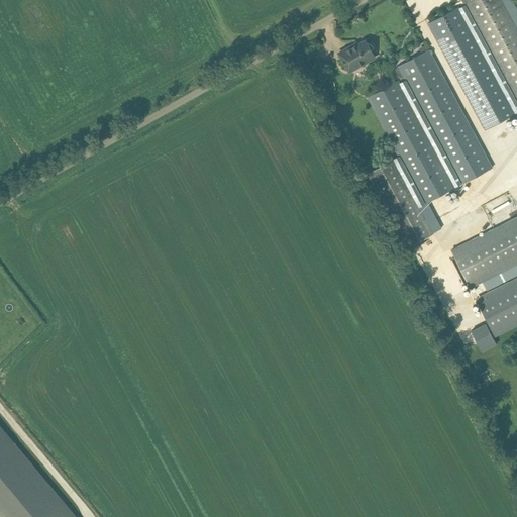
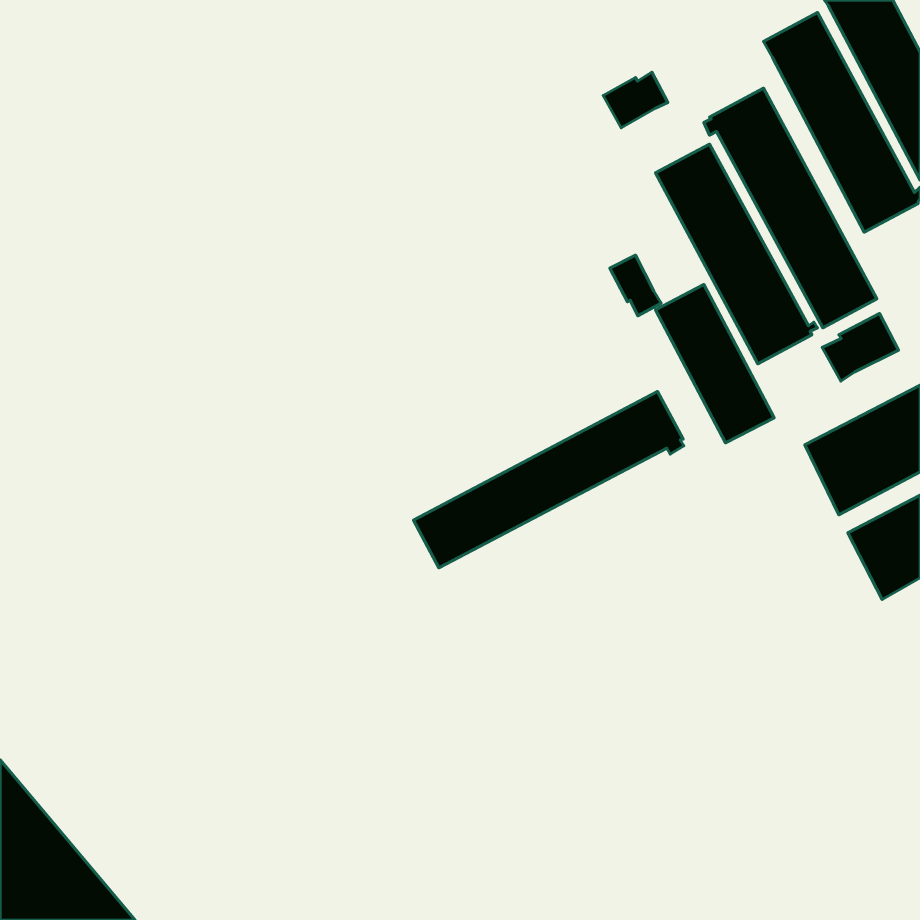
building: none -> [610,255,661,316]
building: none -> [822,313,898,381]
building: none -> [413,392,684,568]
building: [471,324,497,353] -> none

